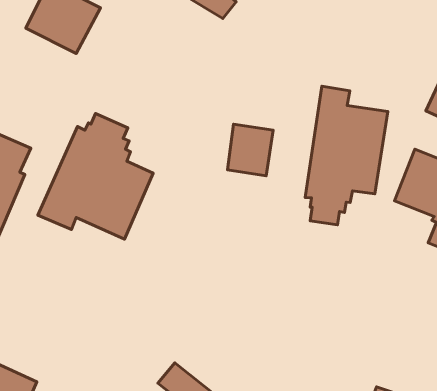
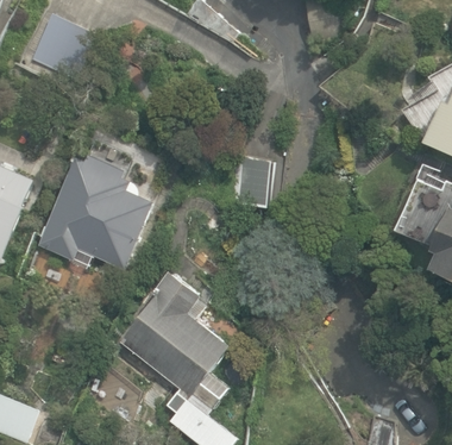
building: [305,86,388,225] -> none
building: none -> [119,268,230,410]

